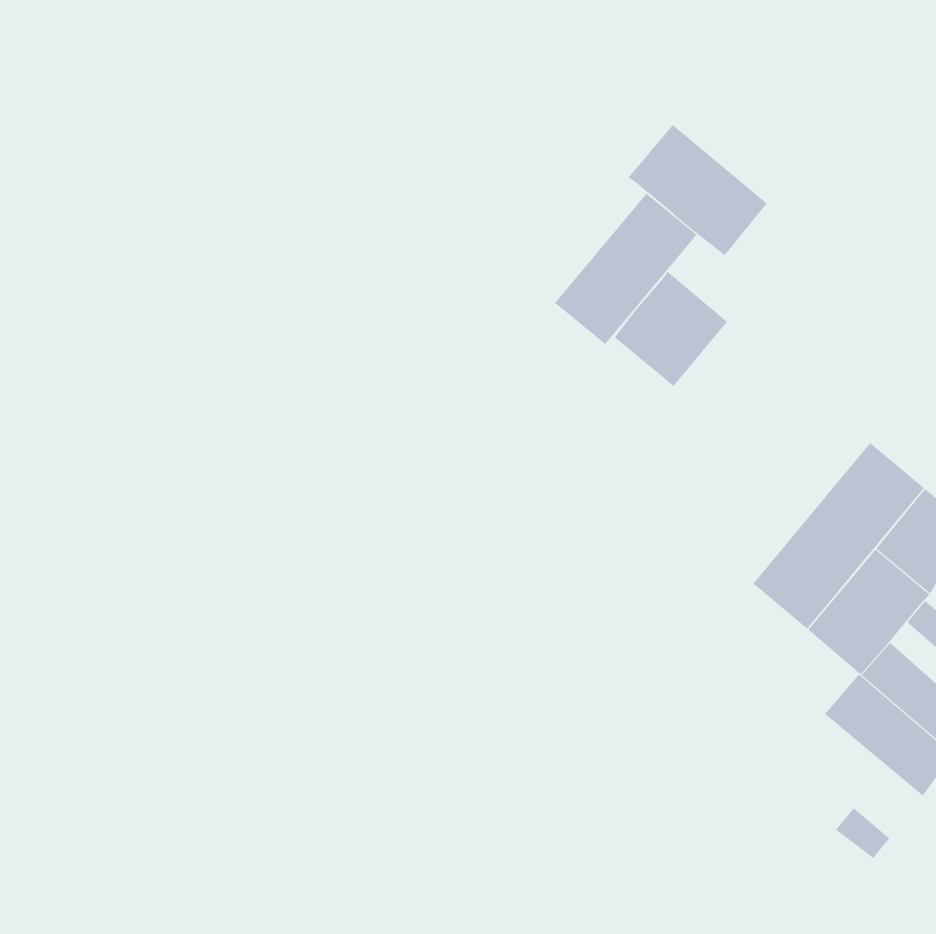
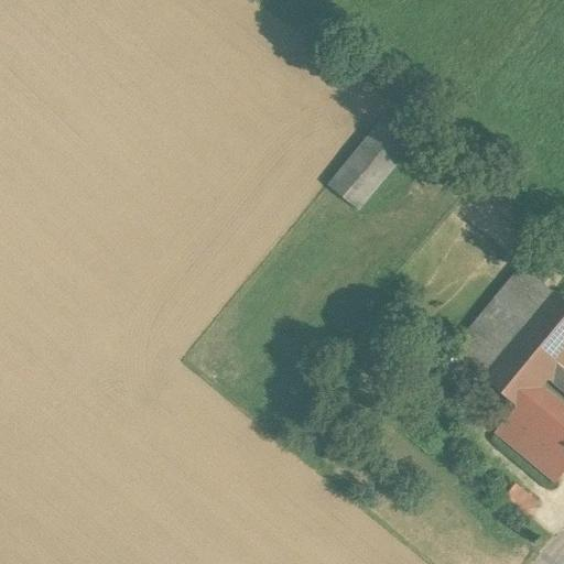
building: [628,124,768,256] -> none
building: [614,271,728,387] -> none

